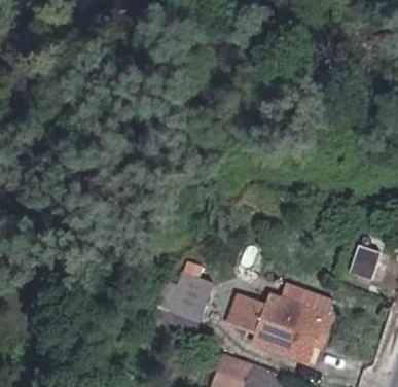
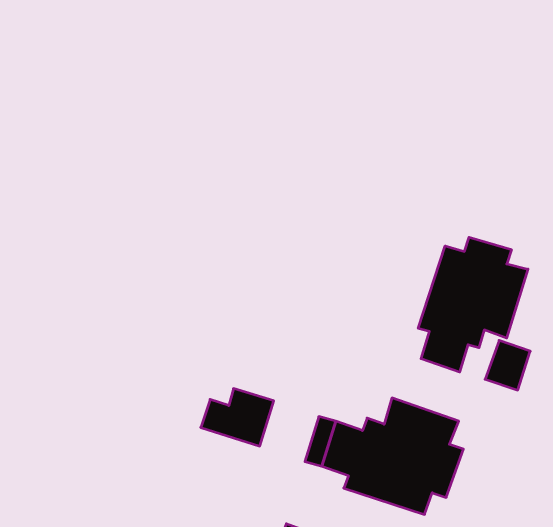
building: none -> [418,237,528,372]

